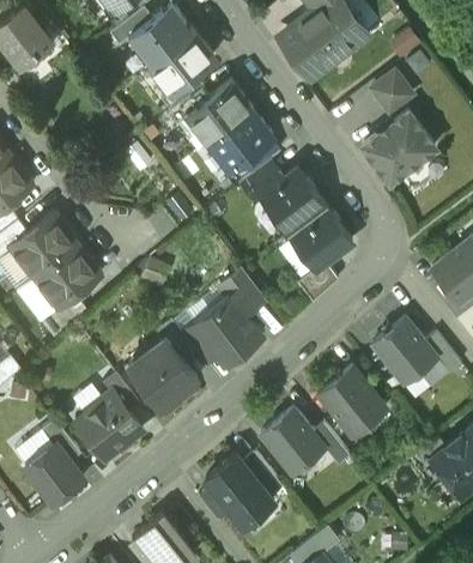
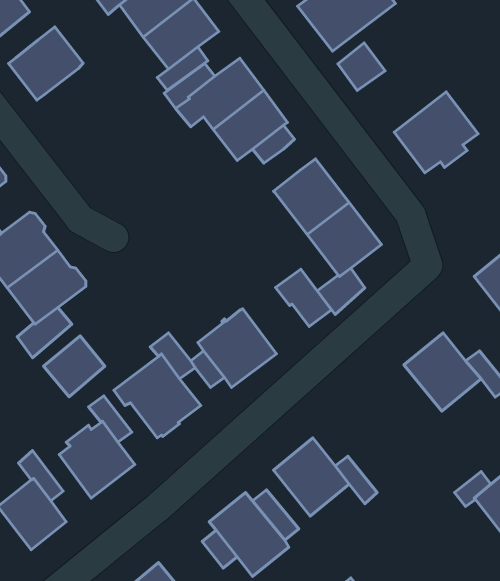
building: none -> [8,27,83,100]
building: [371,71,412,111] -> [338,43,385,90]
building: [239,161,283,201] -> none
building: [219,267,267,316] -> [275,269,332,327]
building: none -> [44,336,105,397]
building: [319,365,386,435] -> none

